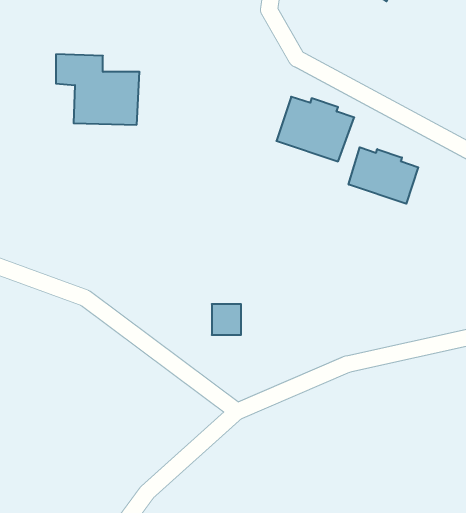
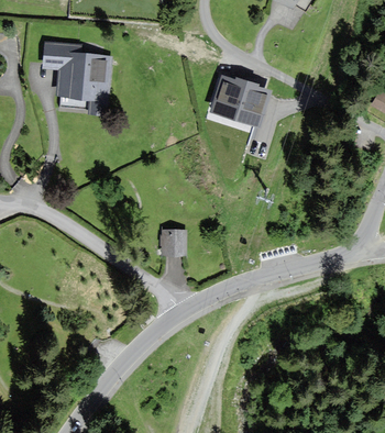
building: [349,147,418,204] -> none

